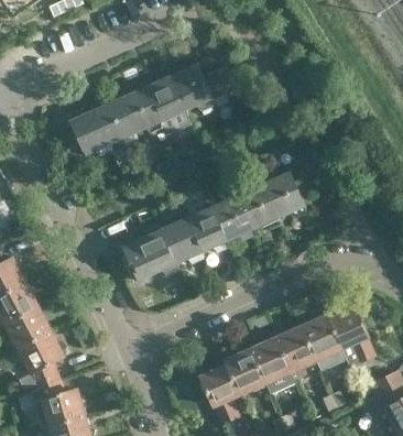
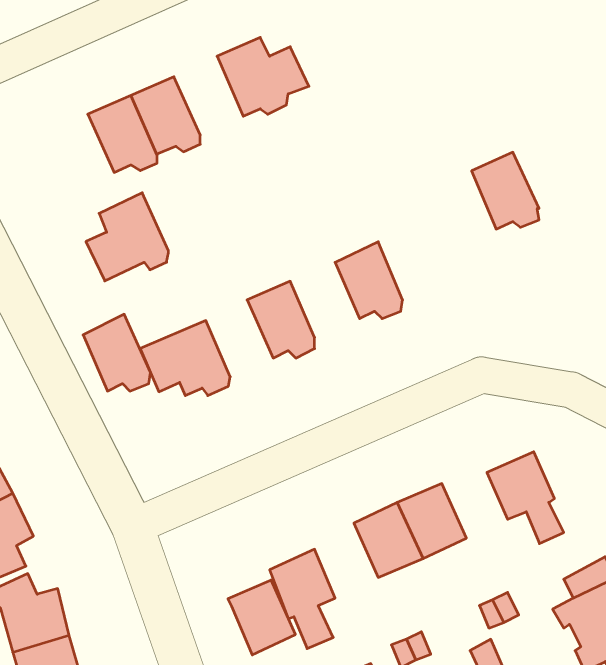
building: [144,76,185,122] -> none
building: [61,110,109,162] -> [86,193,168,281]
building: [264,174,304,219] -> [472,152,539,229]
building: [213,197,253,241] -> none
building: [163,219,203,264] -> [83,314,151,391]
building: [302,316,340,359] -> none
building: [225,350,264,394] -> [228,580,295,655]

